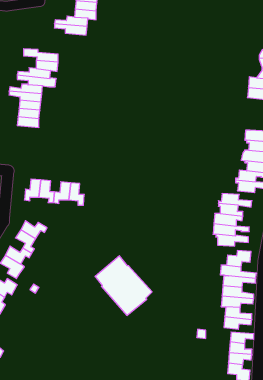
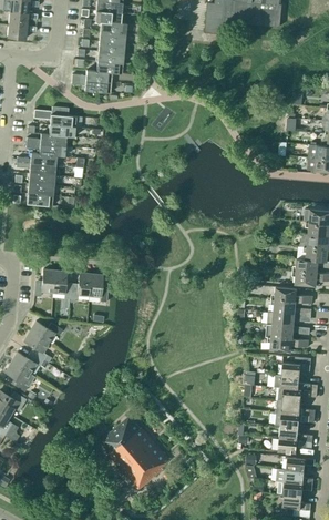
building: [95,256,152,315] -> [100,416,169,489]

